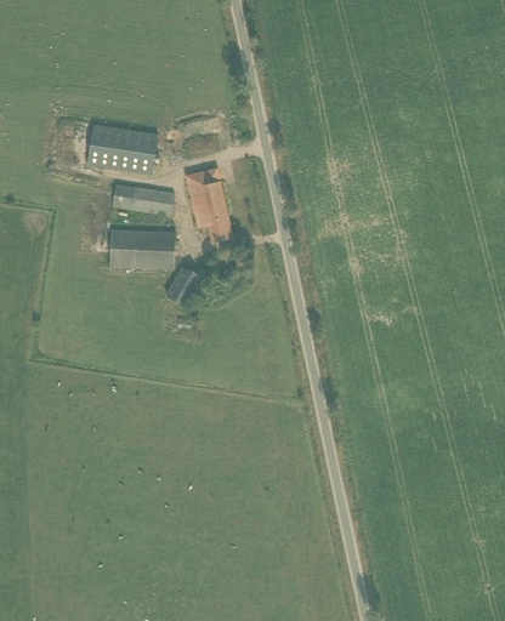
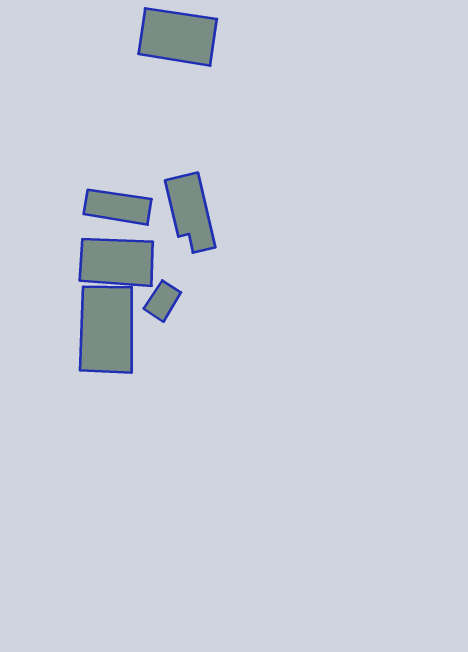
building: [86,123,158,175] -> [138,8,217,66]
building: none -> [80,287,132,373]

